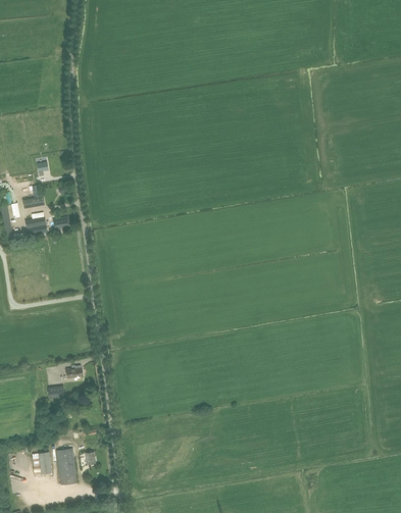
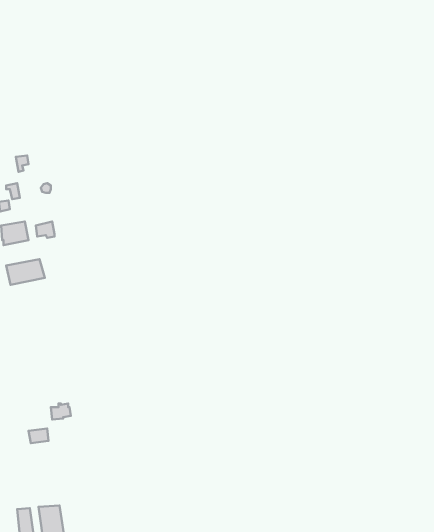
building: none -> [6,259,45,285]

